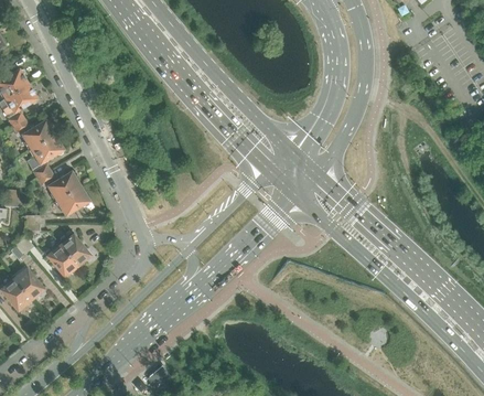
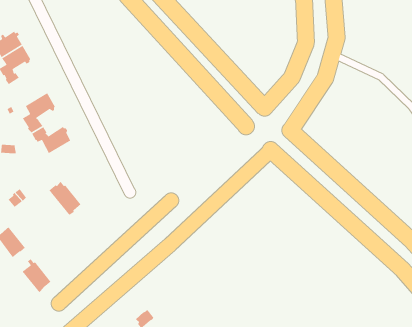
building: [12,118,54,148] -> none
building: [55,185,89,215] -> none
building: [43,243,77,277] -> none
building: [12,263,44,300] -> [22,258,51,293]

